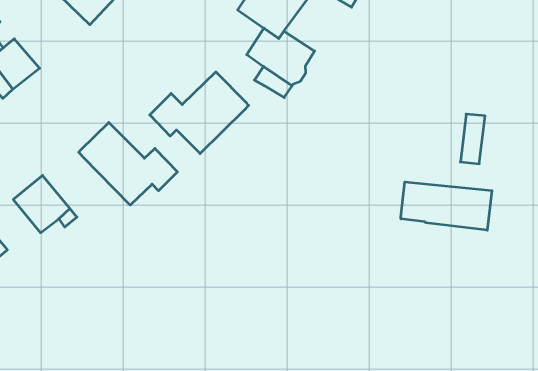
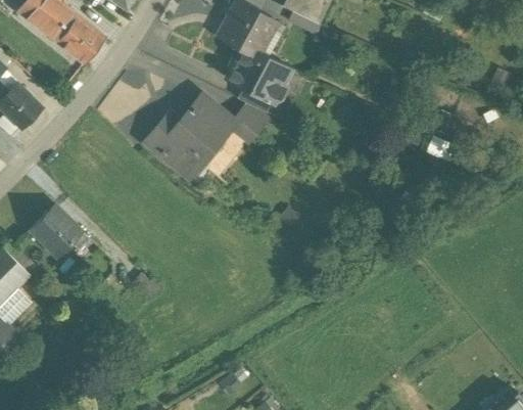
building: none -> [232,103,273,142]
building: [79,122,177,205] -> none
building: [401,182,492,230] -> none

